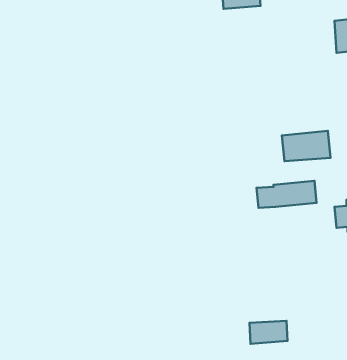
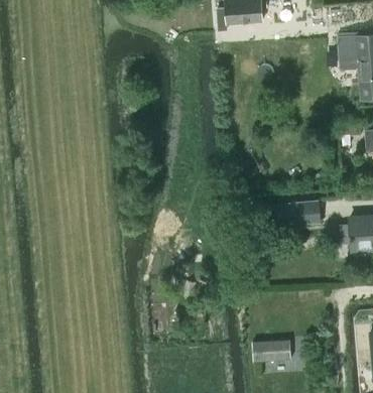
building: [282,131,331,161] -> none

